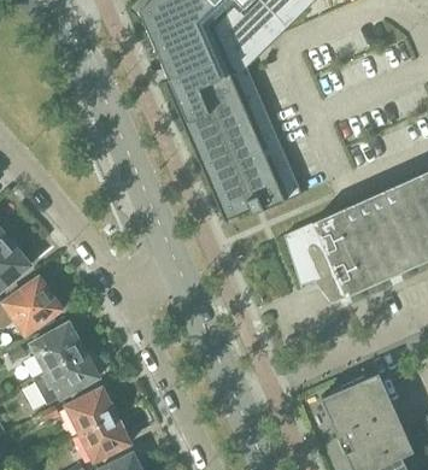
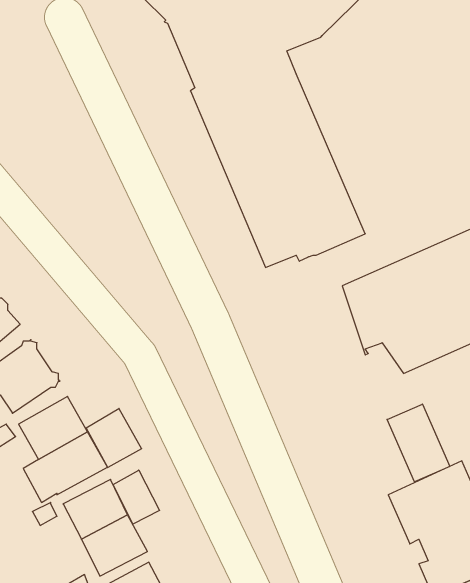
building: none -> [387,404,450,482]
building: none -> [86,408,142,468]
building: none -> [113,470,160,524]

